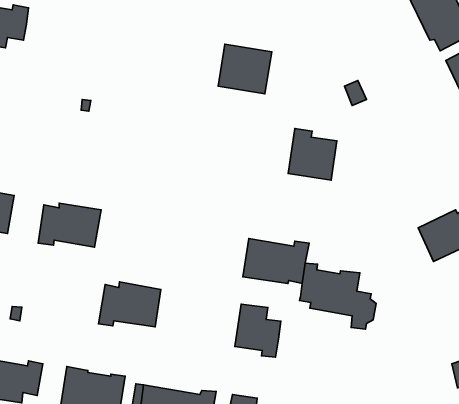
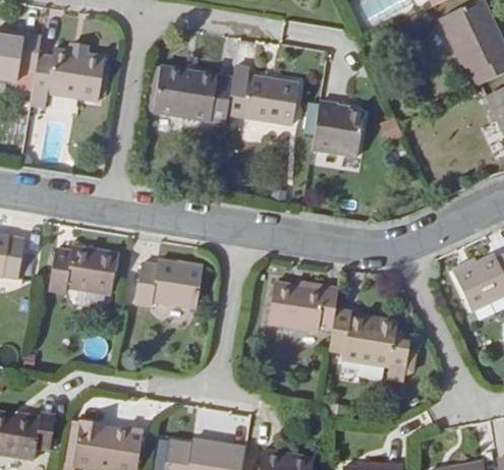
building: none -> [30,51,105,109]
building: none -> [155,66,233,123]
building: [288,128,337,180] -> [311,102,362,157]
building: [99,282,161,327] -> [137,258,204,306]
building: [235,304,281,357] -> none

